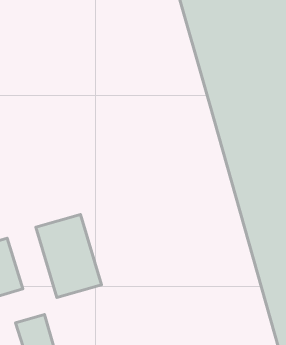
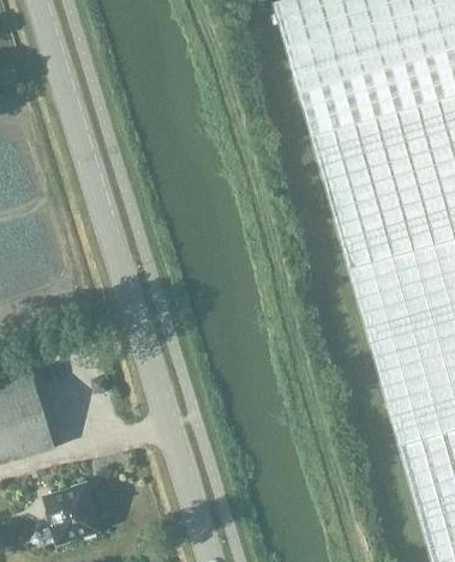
building: [36,214,102,298] -> none

